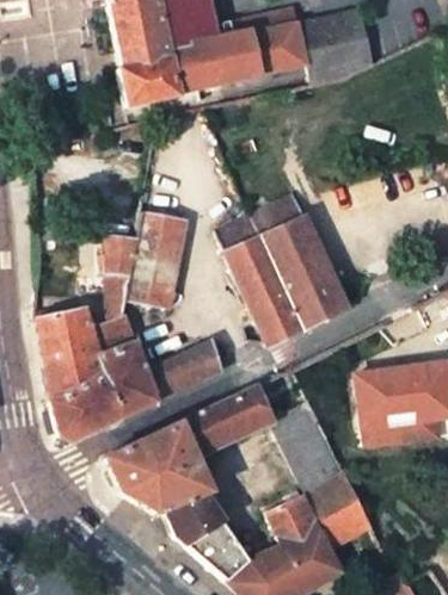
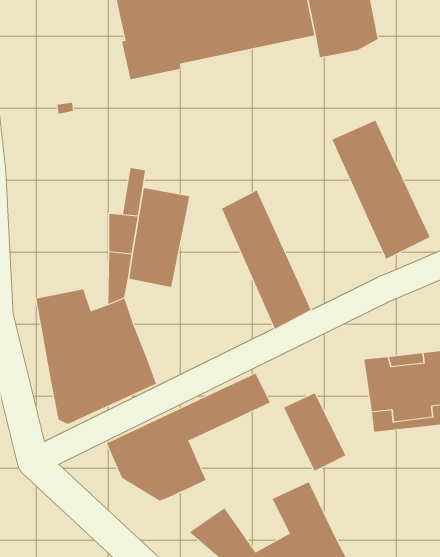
building: [252,194,348,329] -> [331,120,430,259]
building: [145,342,222,401] -> none
building: [305,470,373,550] -> none
building: [167,494,221,544] -> none

